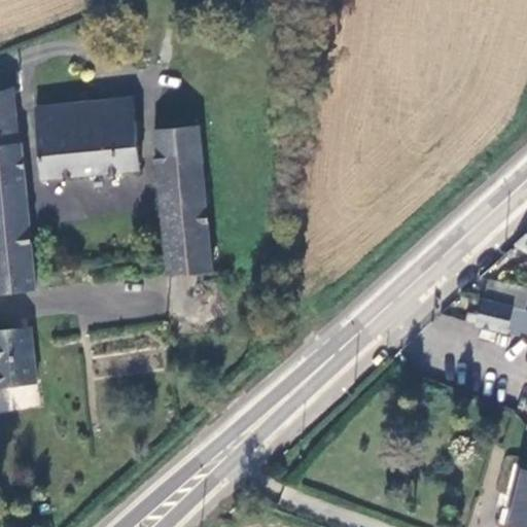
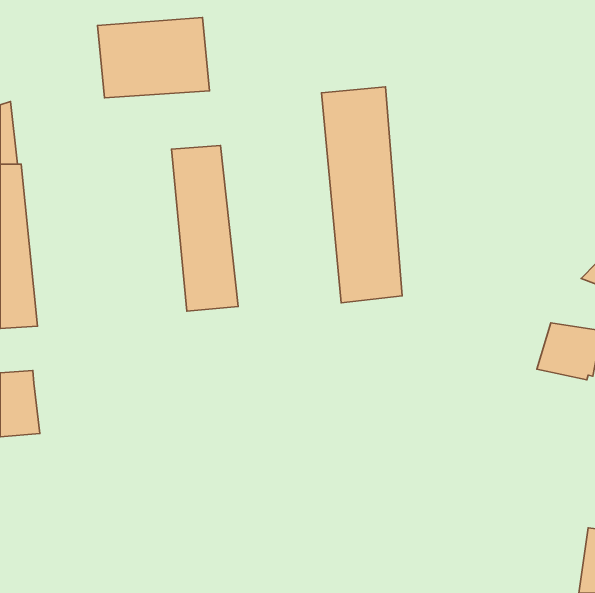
building: none -> [322,87,402,303]
building: [37,101,136,172] -> [97,17,209,98]

